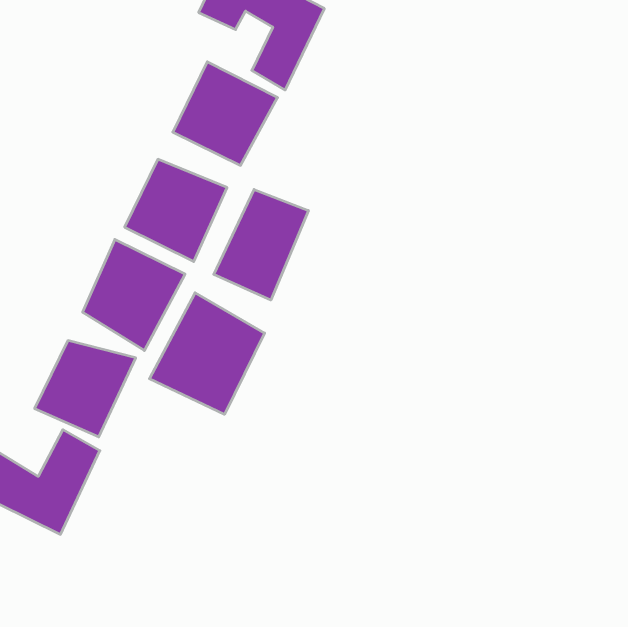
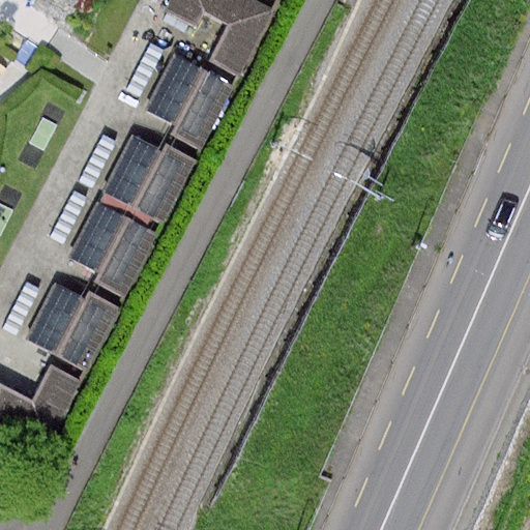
building: [214,189,308,300] -> none
building: [149,293,265,414] -> none

